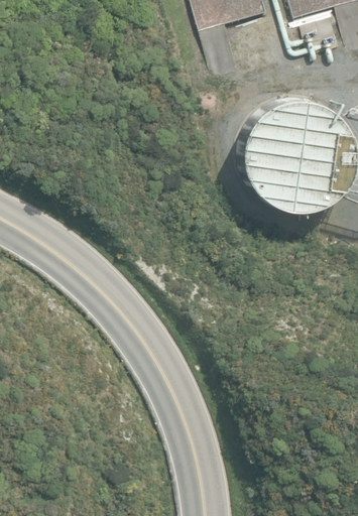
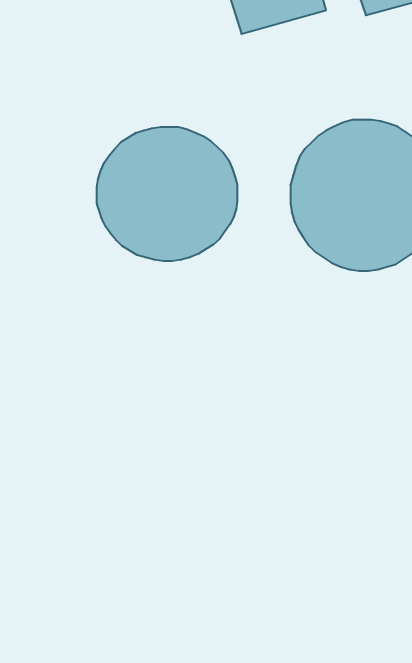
building: none -> [97,127,237,261]

